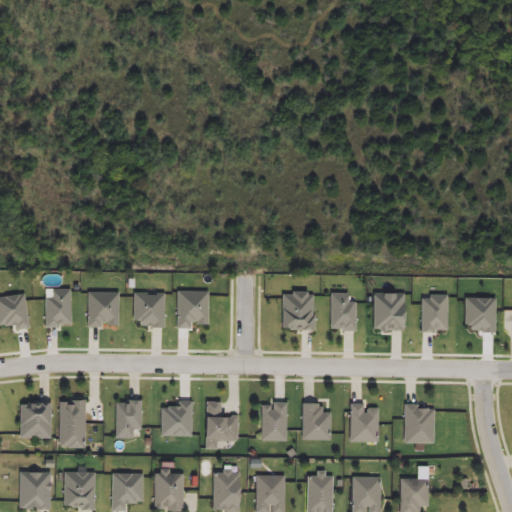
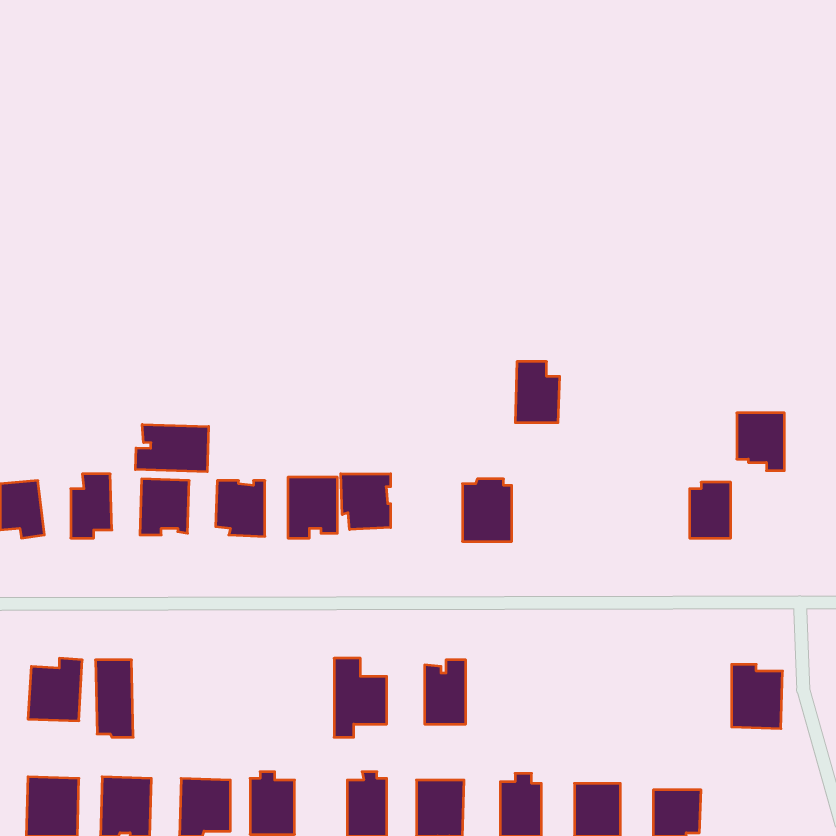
building: none -> [135,424,209,472]
building: none -> [341,474,391,530]
building: [372,291,403,328] -> none
building: [330,293,357,330] -> [515,362,560,423]
building: [467,299,496,334] -> [737,413,784,471]
building: [116,400,141,437] -> none
building: [161,400,193,435] -> none
building: [302,402,330,439] -> none
building: [350,403,379,442] -> none
building: [404,404,435,443] -> [732,664,783,729]

